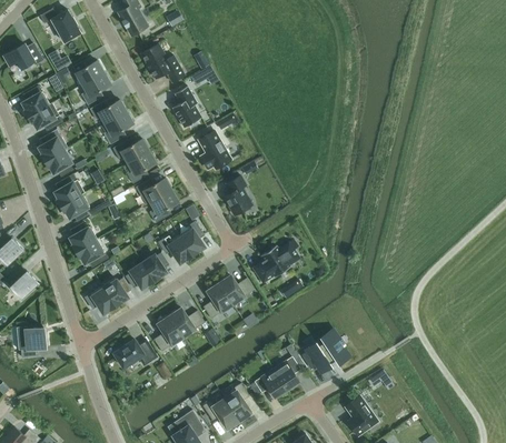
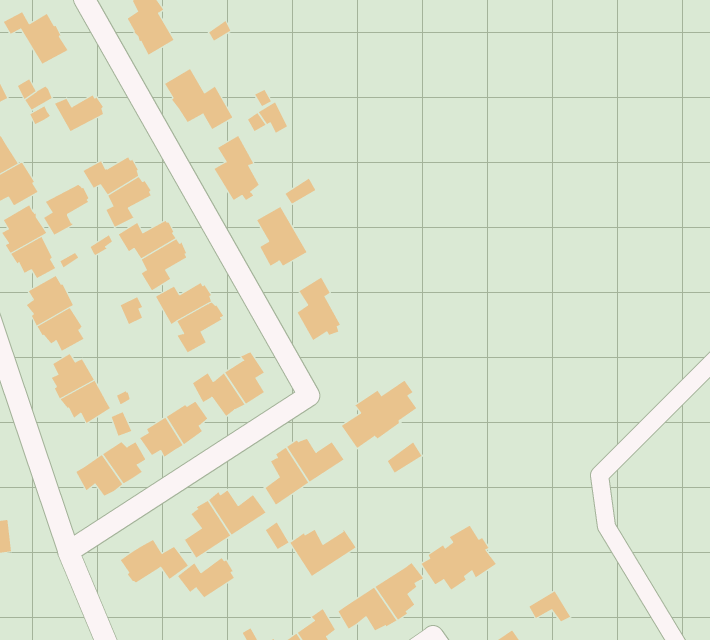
building: [81,72,110,104] -> [43,184,89,235]
building: none -> [290,529,356,577]
building: none -> [177,557,235,598]

